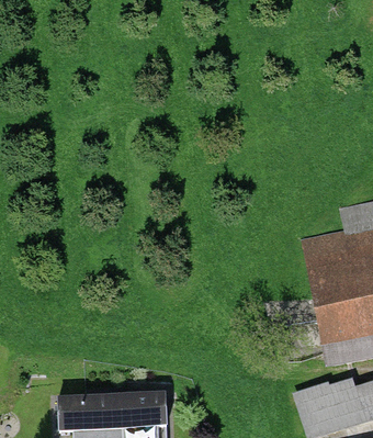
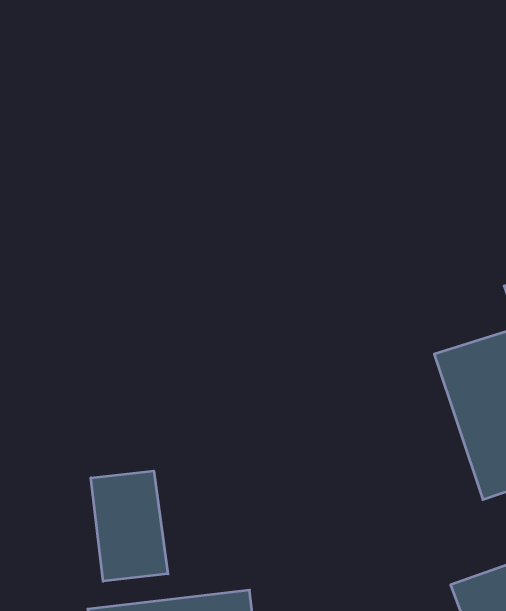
building: none -> [91,471,168,581]

